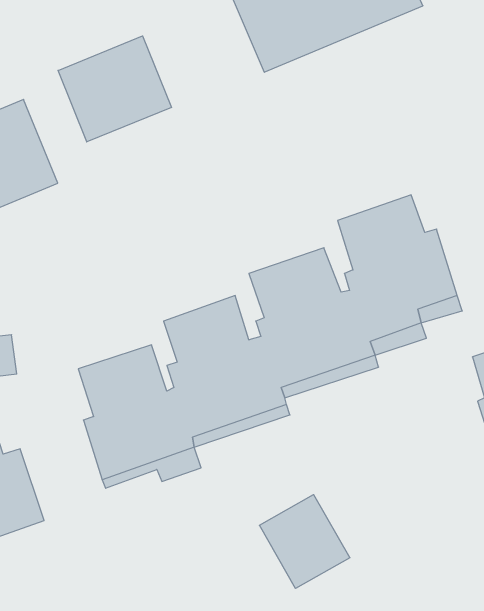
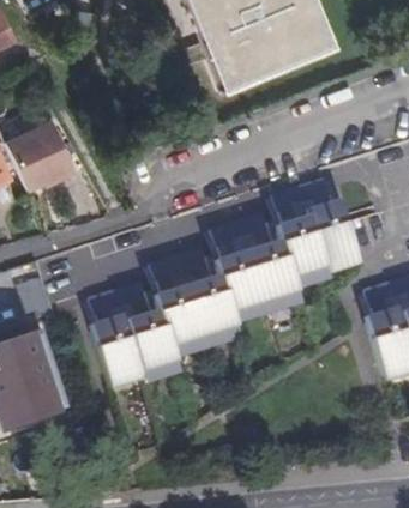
building: [58,36,171,142] -> none
building: [259,495,350,588] -> none

